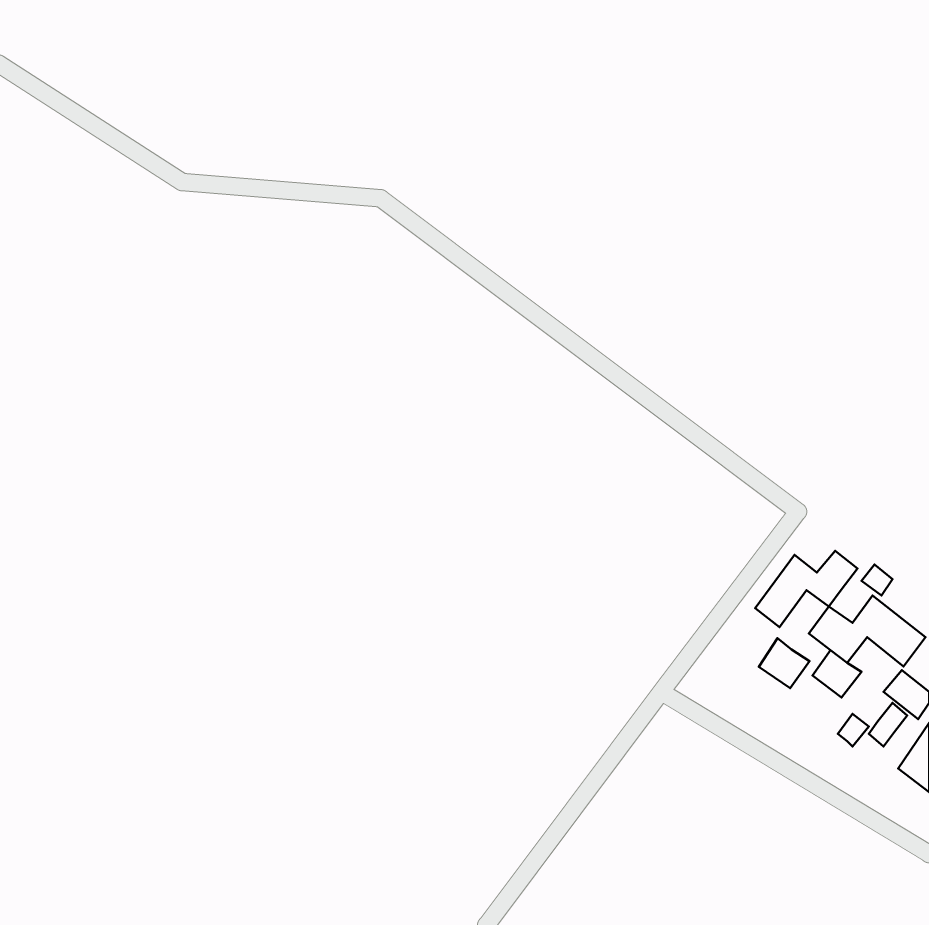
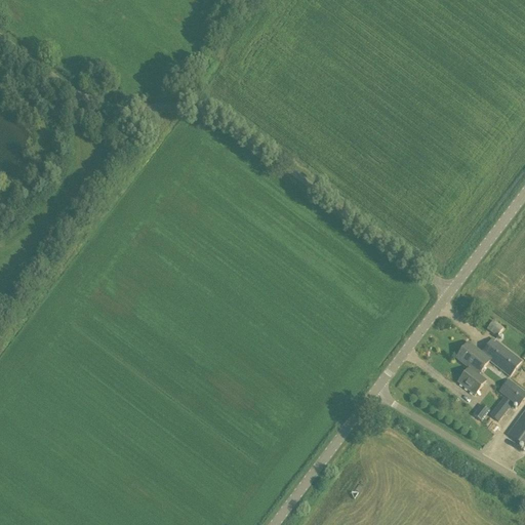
building: [755,551,858,627] -> none
building: [759,638,810,688] -> none

